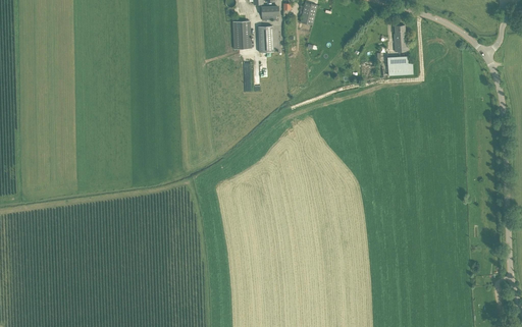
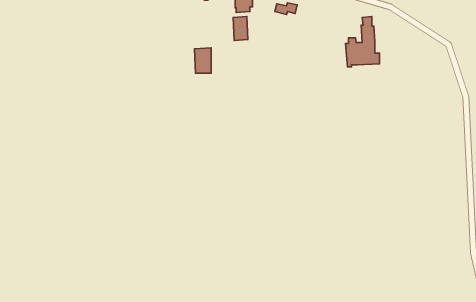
building: [232,19,250,46] -> [195,48,211,73]

